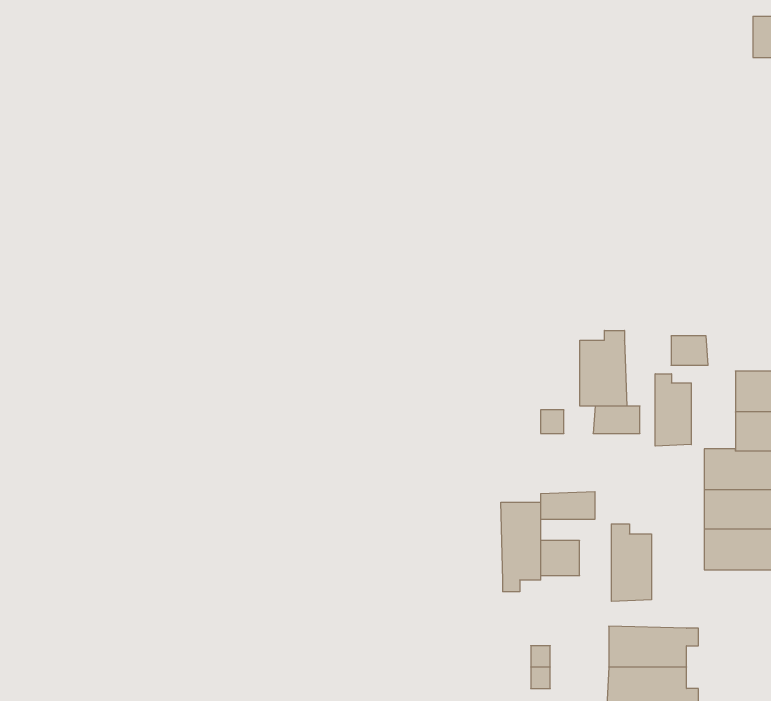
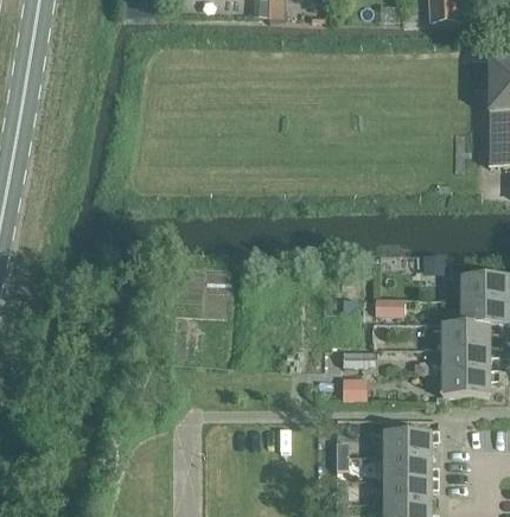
building: [580,330,627,406] -> none
building: [655,374,691,446] -> none
building: [501,502,541,592] -> none
building: [611,524,651,601] -> none

